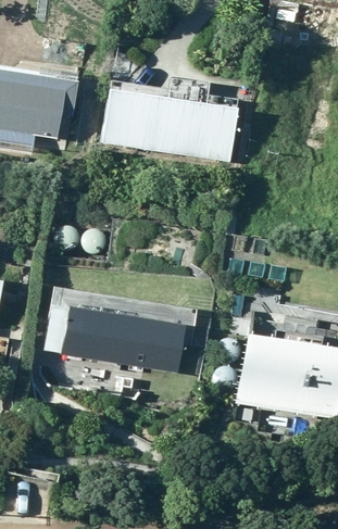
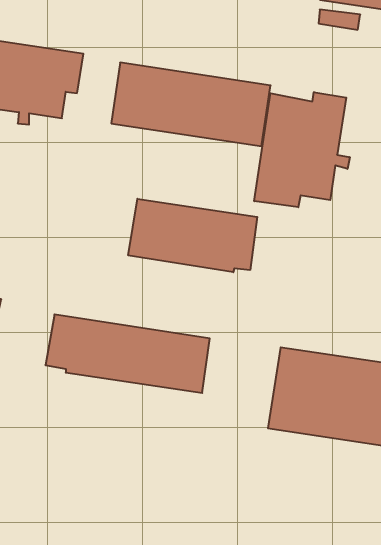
building: none -> [254,92,350,207]
building: none -> [128,199,257,272]

